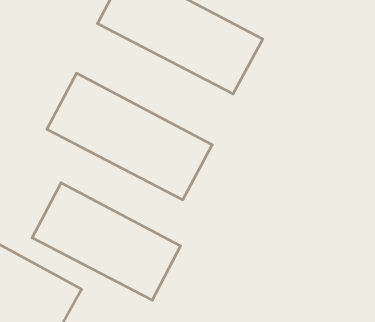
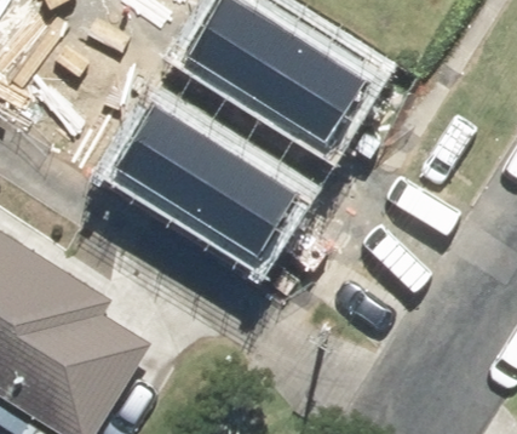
building: [32,183,180,300] -> none

